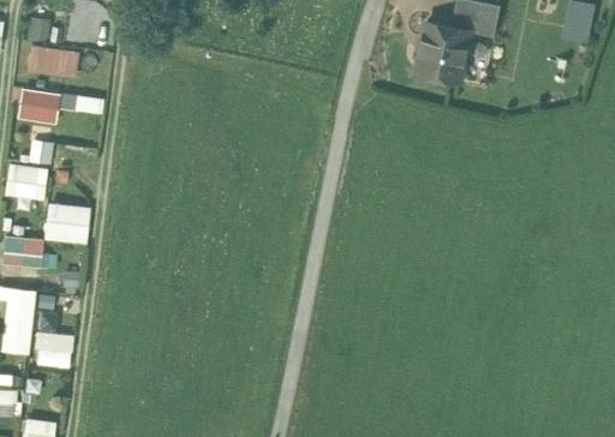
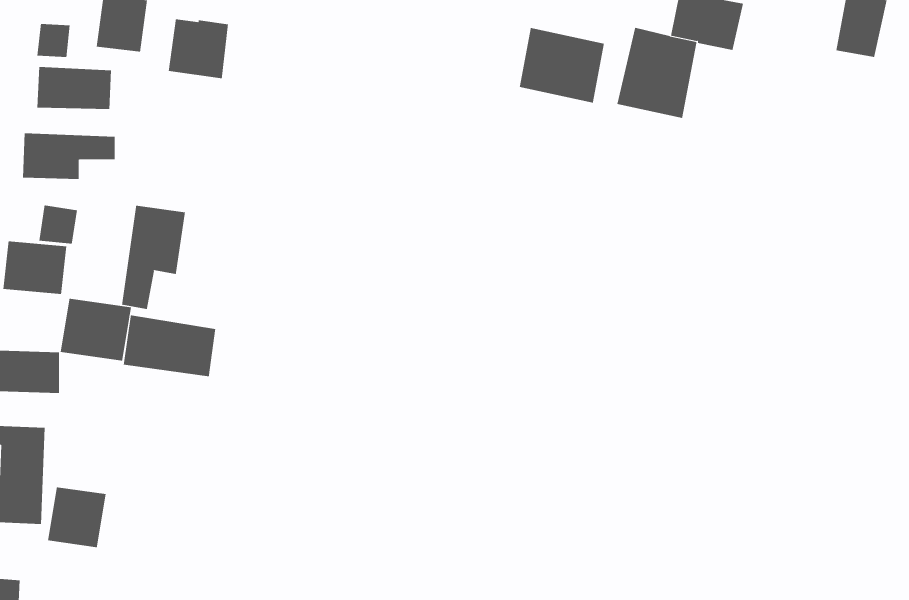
building: none -> [168,18,229,79]
building: none -> [519,27,605,103]
building: none -> [121,205,186,310]
building: none -> [123,315,216,377]

